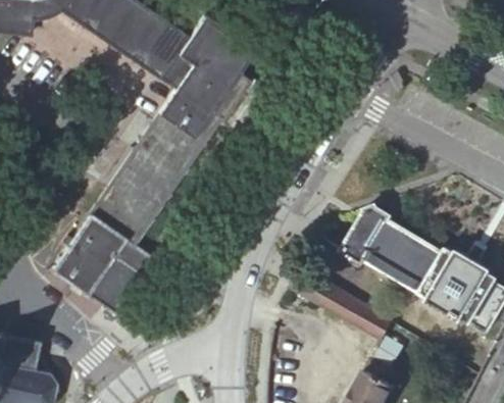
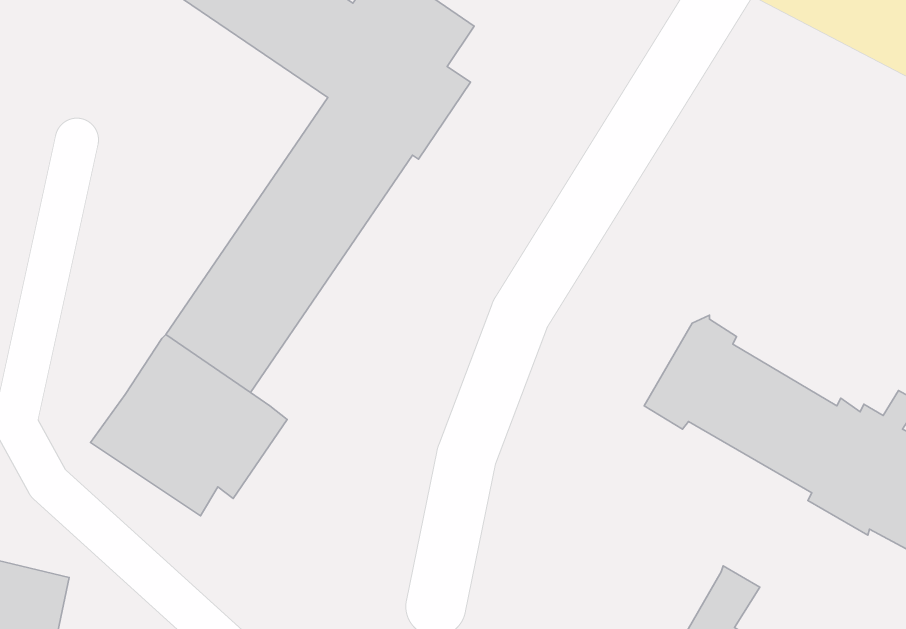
building: [289,267,392,340] -> none

